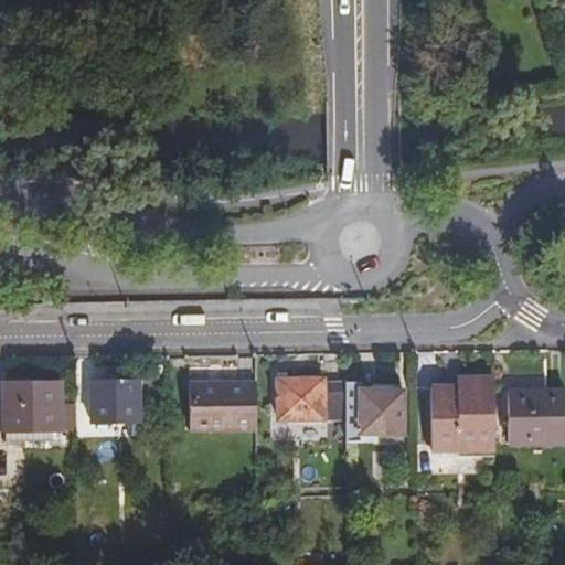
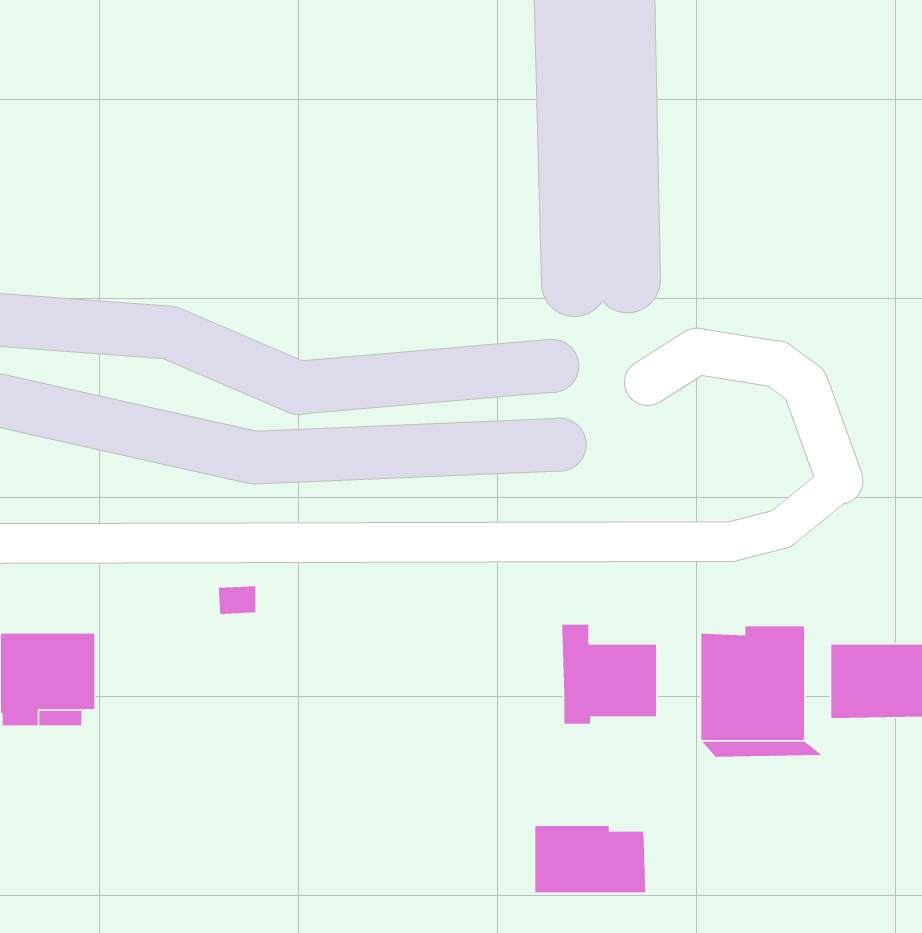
building: [280,377,348,418] -> [534,825,646,893]
building: [189,379,255,430] -> none
building: [94,380,141,420] -> none

